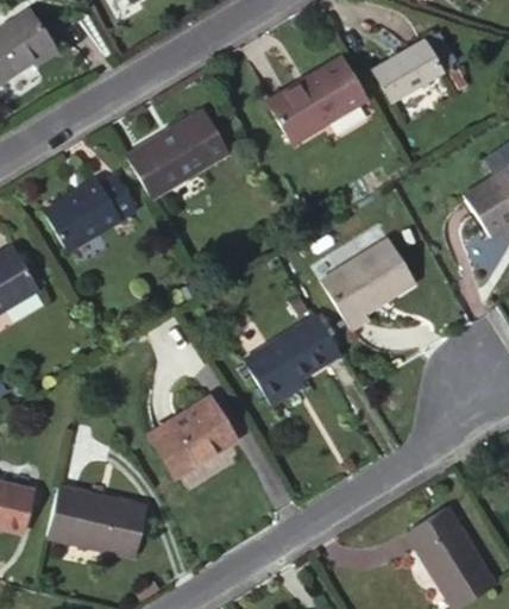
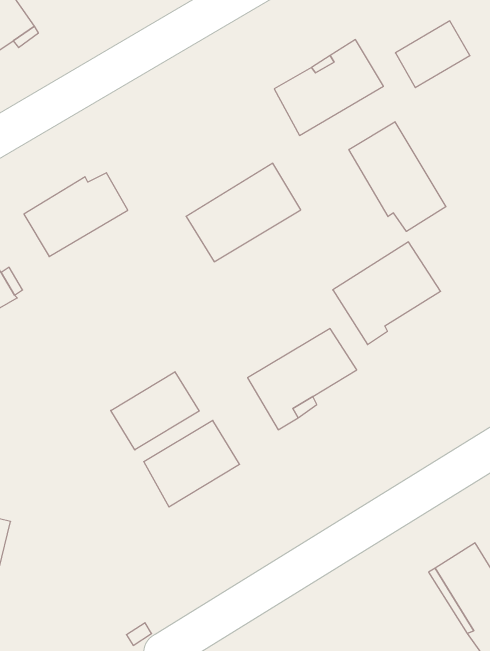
building: [127,109,230,197] -> [186,163,301,262]
building: none -> [349,122,446,231]
building: none -> [111,372,199,450]
building: [46,484,147,557] -> none

